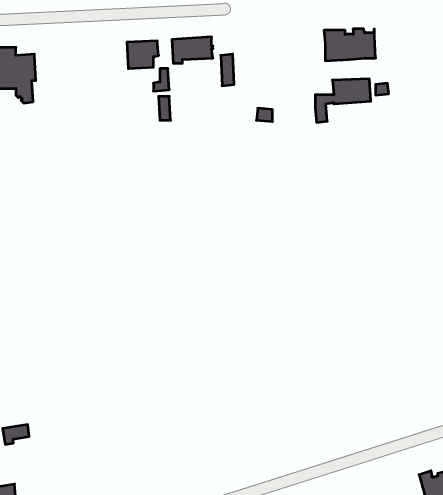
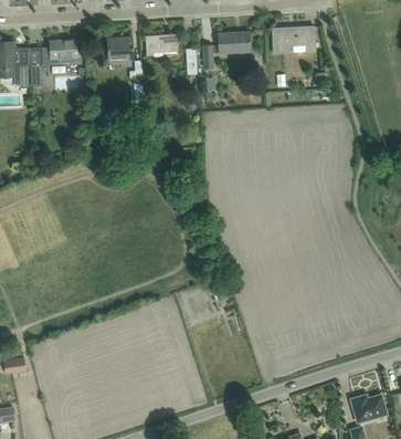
building: none -> [30,40,81,85]
building: [315,79,371,122] -> [203,32,250,69]

